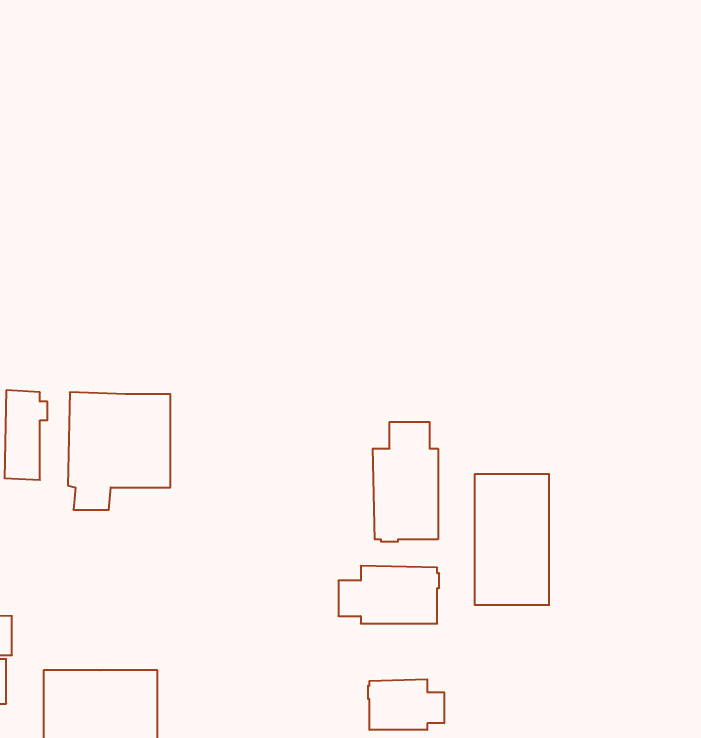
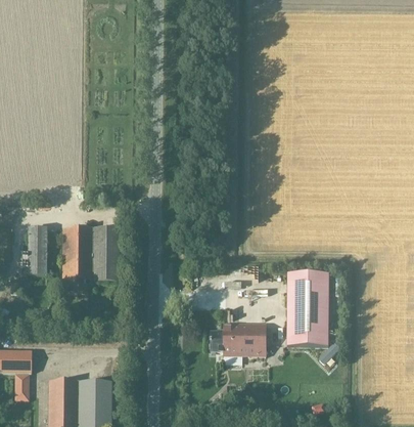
building: [373,422,438,542] -> none
building: [368,679,444,730] -> none

